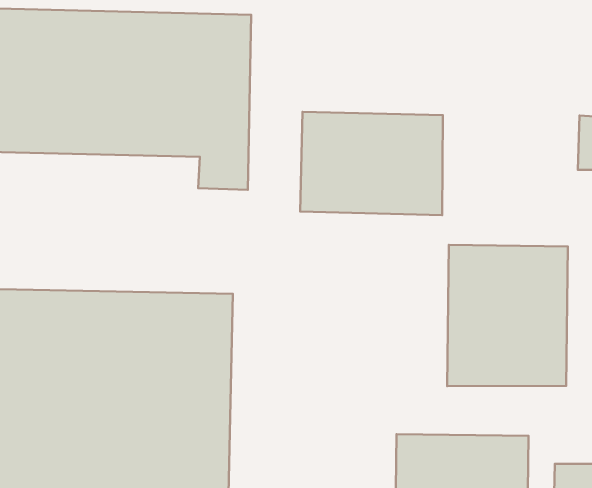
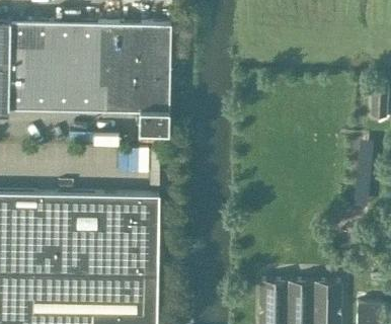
building: [300,112,443,215] -> none
building: [447,245,568,386] -> none

